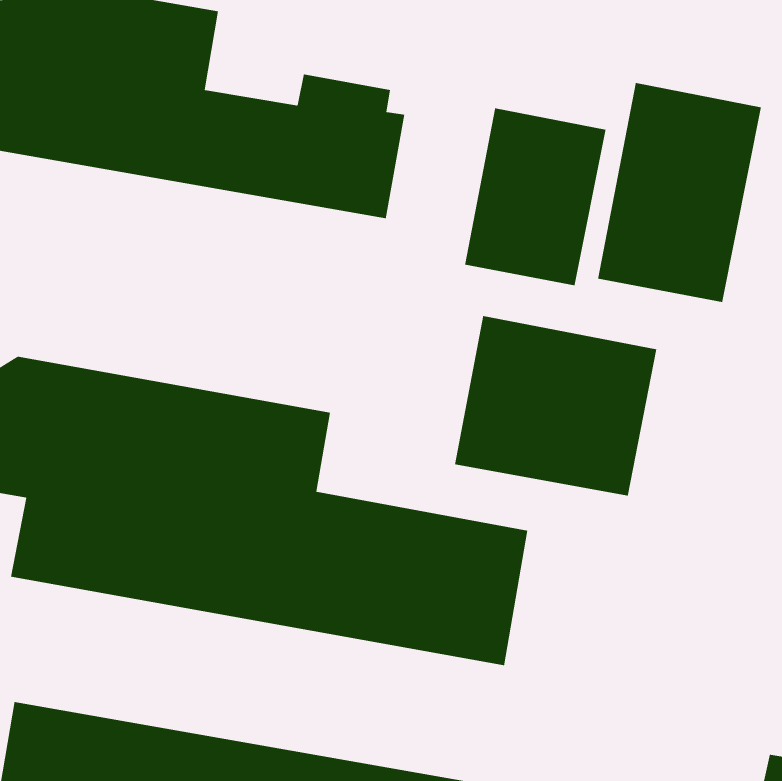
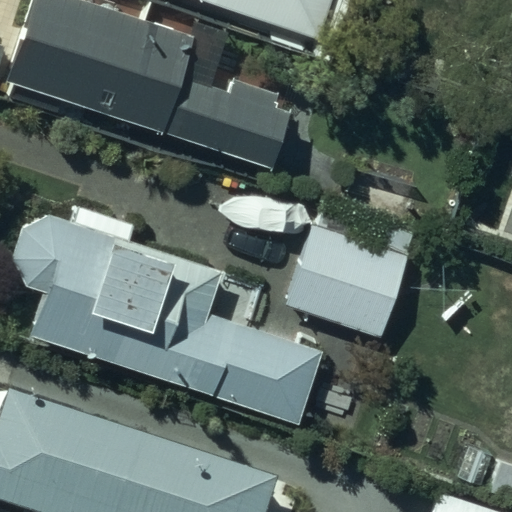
building: [598,82,762,303] -> none
building: [464,107,606,286] -> none

